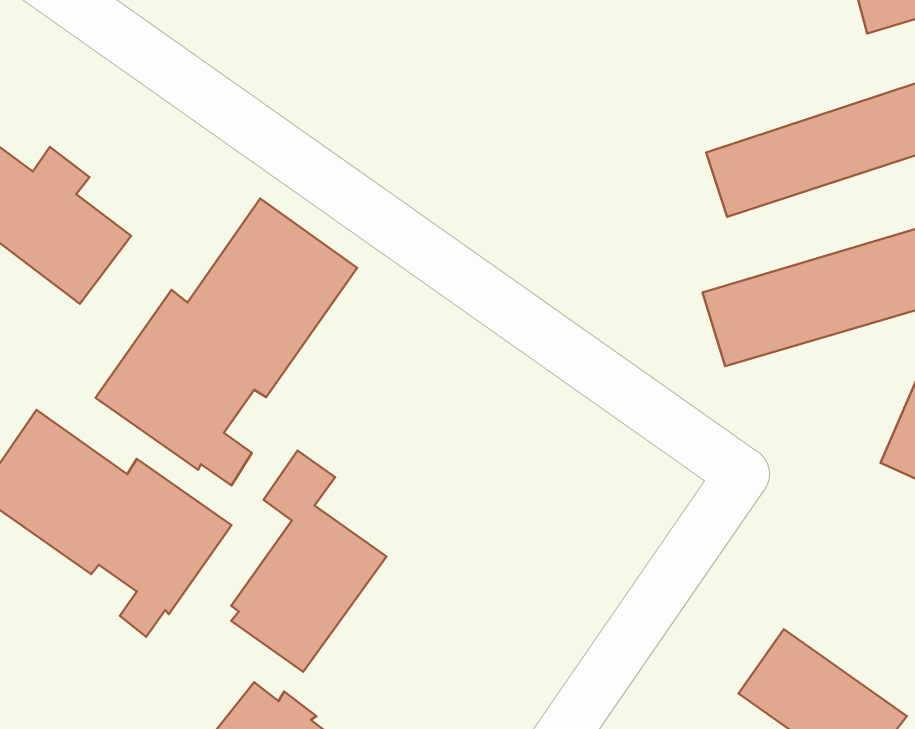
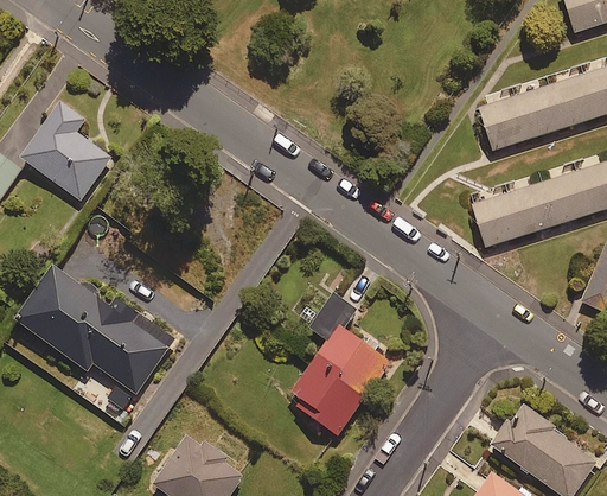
building: [95,198,357,486] -> none
building: [231,451,386,672] -> [293,299,390,438]

